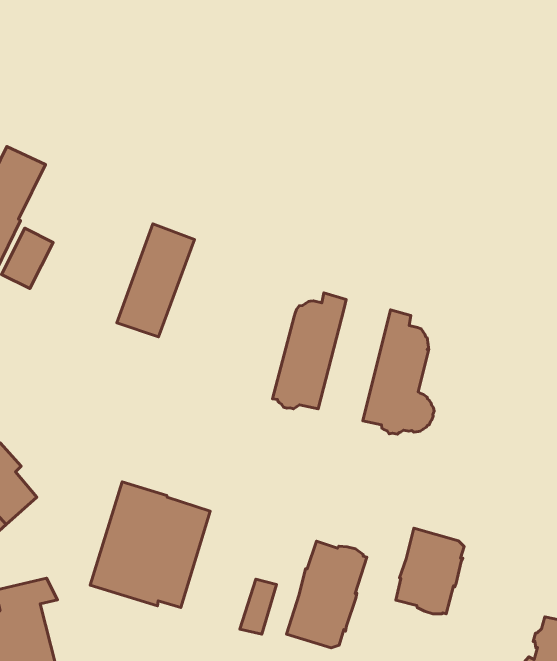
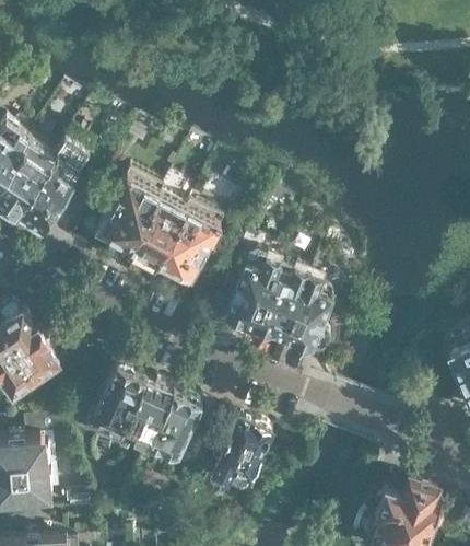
building: none -> [93,173,163,258]
building: none -> [154,204,223,289]
building: none -> [254,269,310,346]
building: none -> [142,391,202,464]
building: [396,528,464,614] -> none

